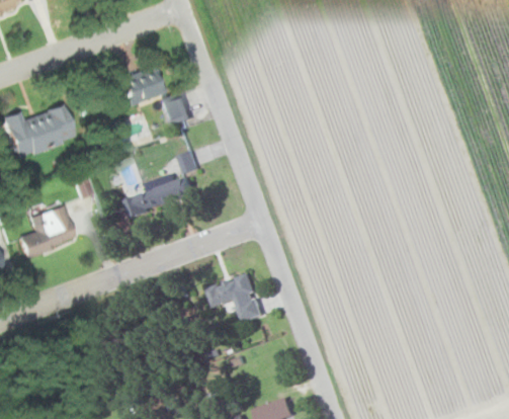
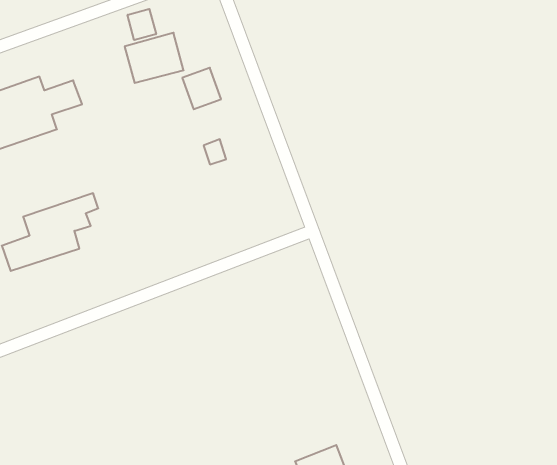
building: none -> [128,9,156,40]
building: [125,176,194,219] -> none
building: [206,274,264,327] -> none

